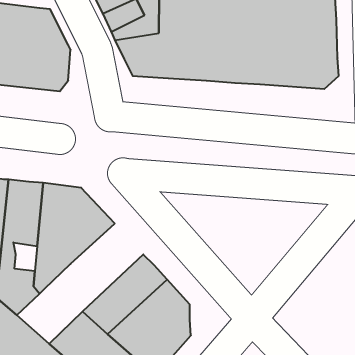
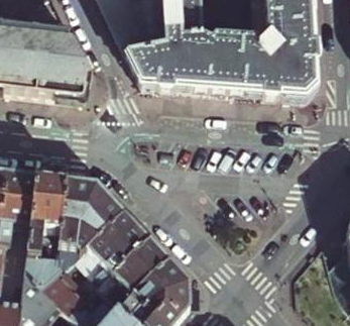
building: none -> [42,211,149,313]

